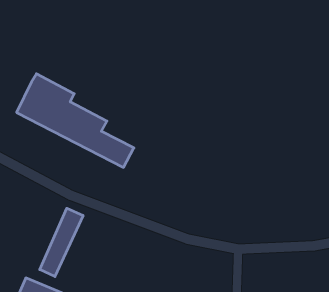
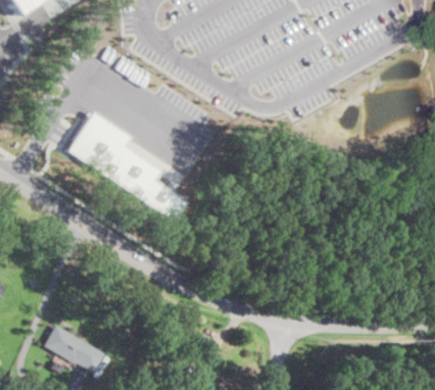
building: [40,208,83,277] -> none

